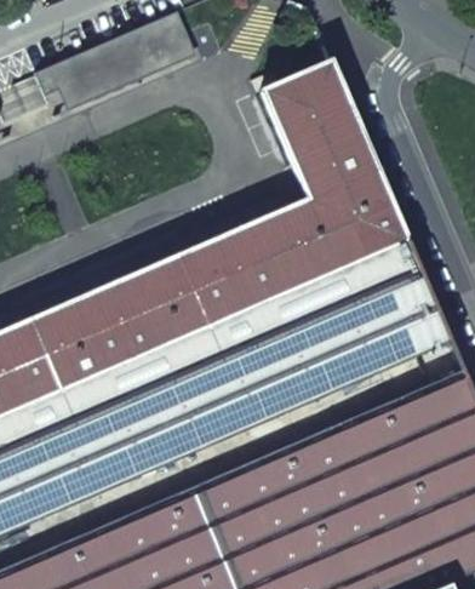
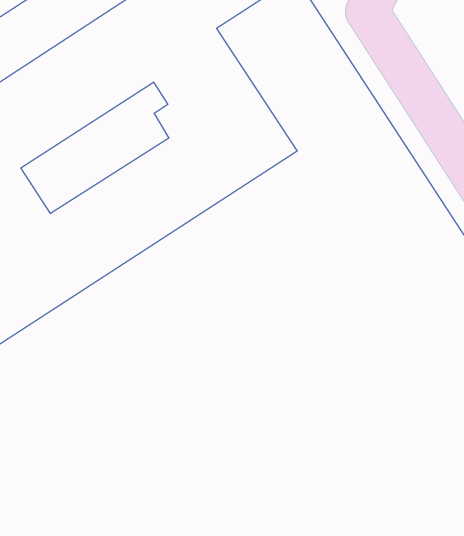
building: none -> [21,82,169,214]

